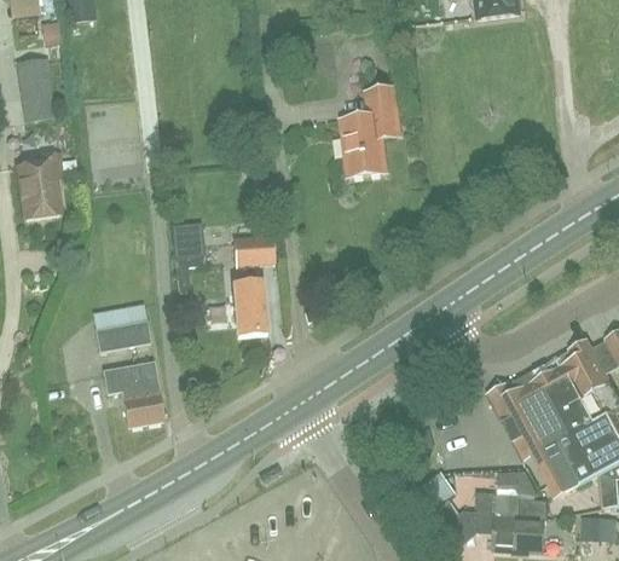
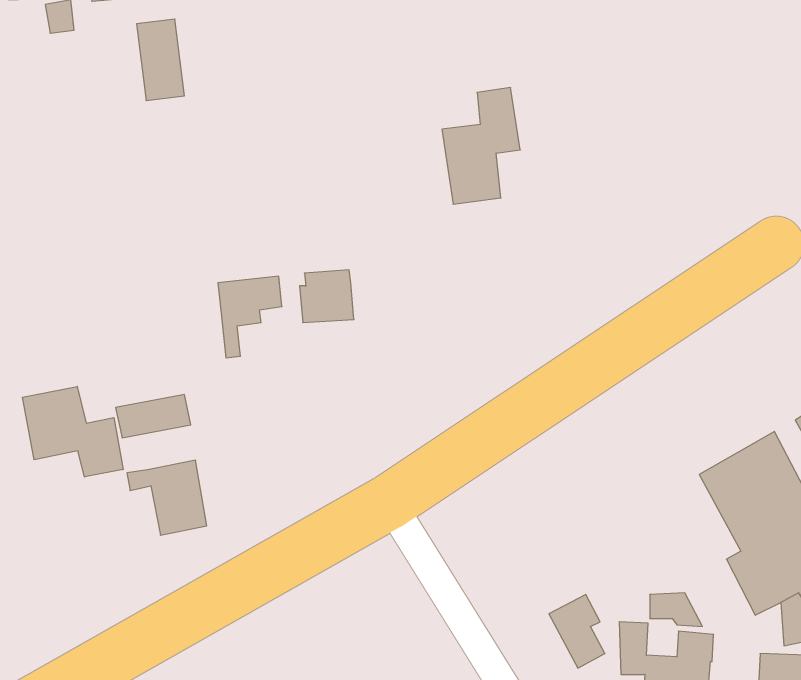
building: [16,57,52,118] -> [136,19,184,101]
building: [16,151,60,218] -> none
building: [231,280,265,334] -> none
building: none -> [22,386,123,477]
building: [501,378,577,493] -> none

